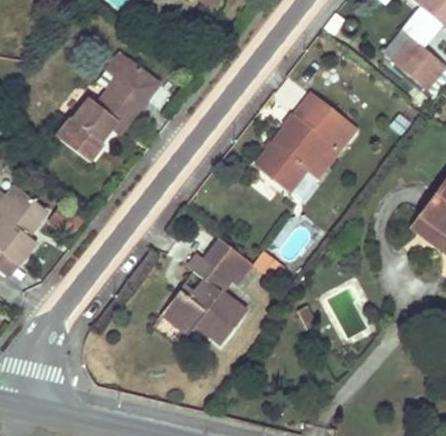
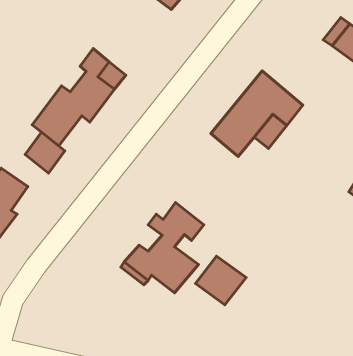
building: none -> [25,132,65,173]
building: none -> [195,256,246,305]

